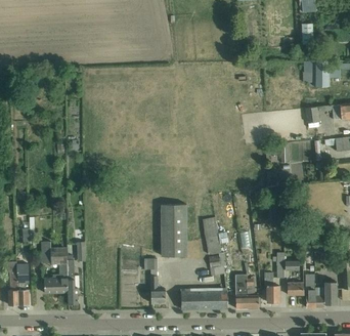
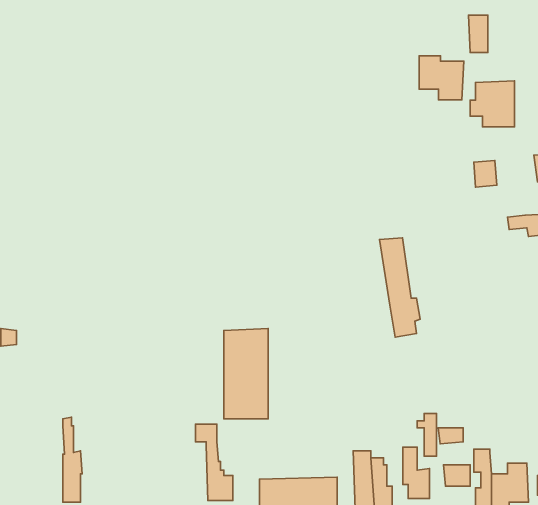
building: none -> [419,56,464,100]
building: [203,218,226,276] -> [379,238,420,337]
building: [41,242,69,293] -> none

